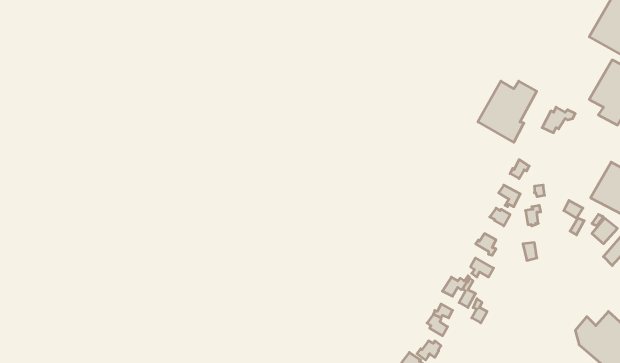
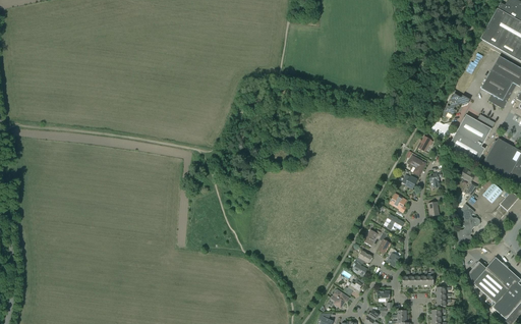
building: [478,81,537,142] -> [448,114,495,163]
building: none -> [457,204,479,242]

